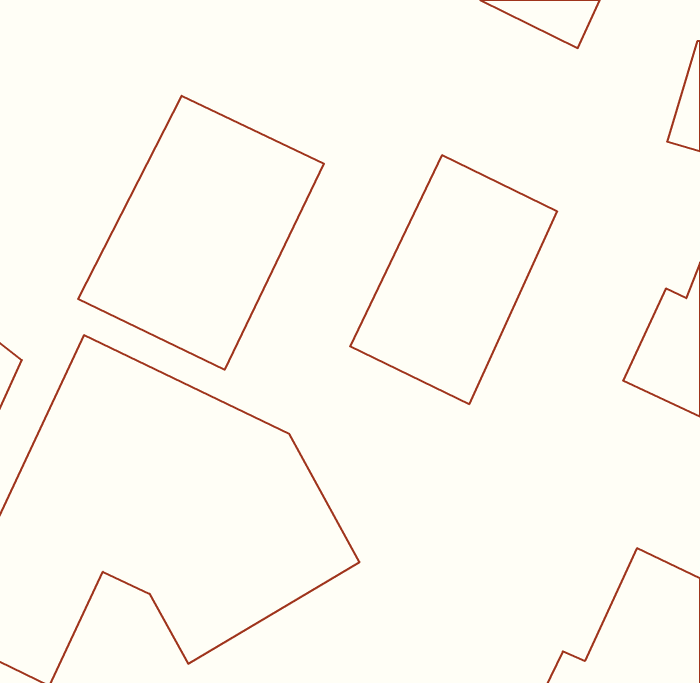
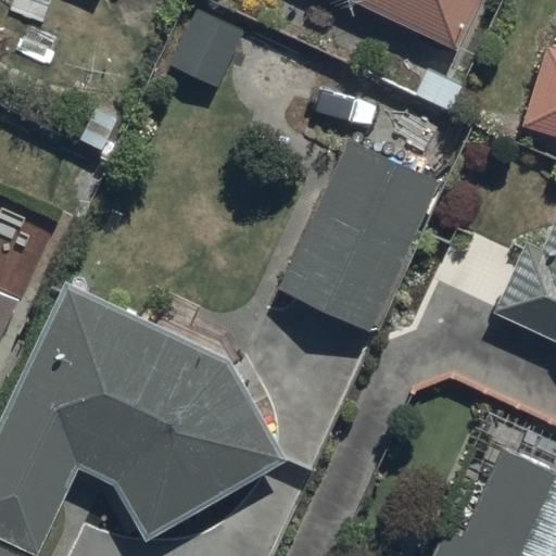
building: [78,96,324,370] -> none

